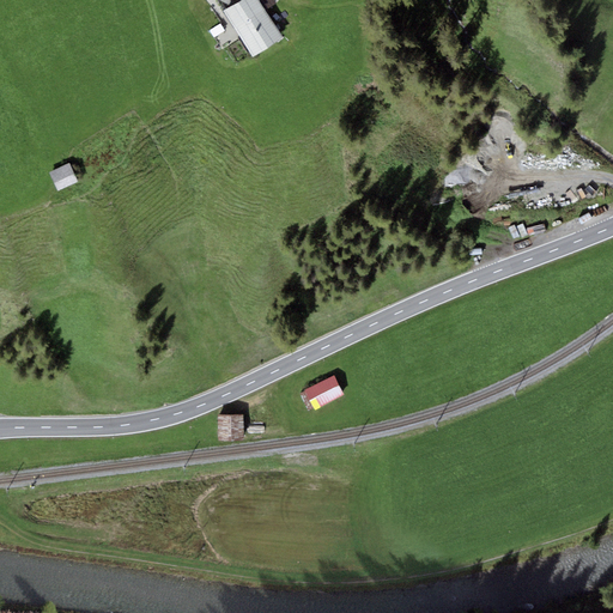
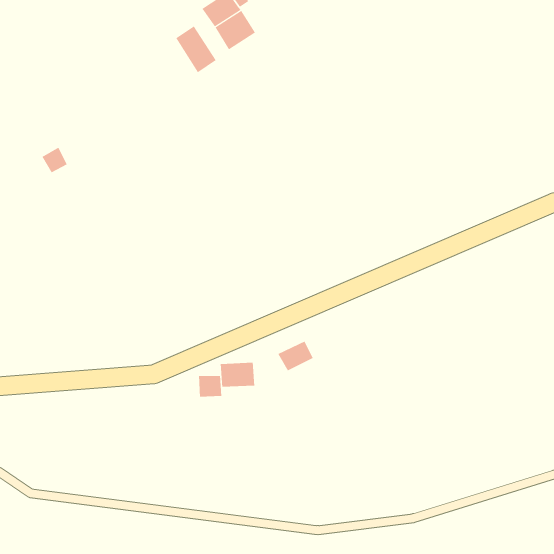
building: none -> [175,25,216,73]
building: none -> [220,362,255,388]

